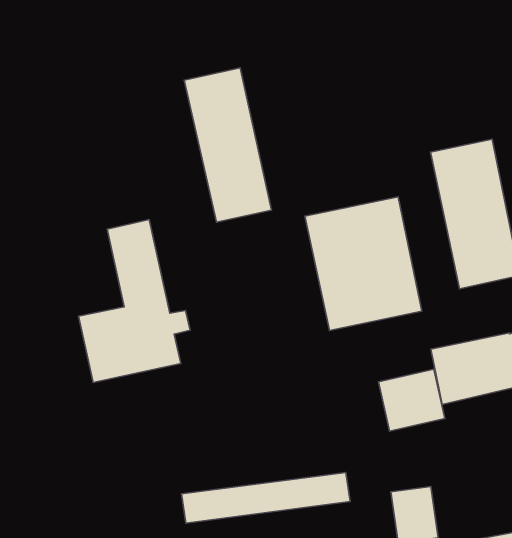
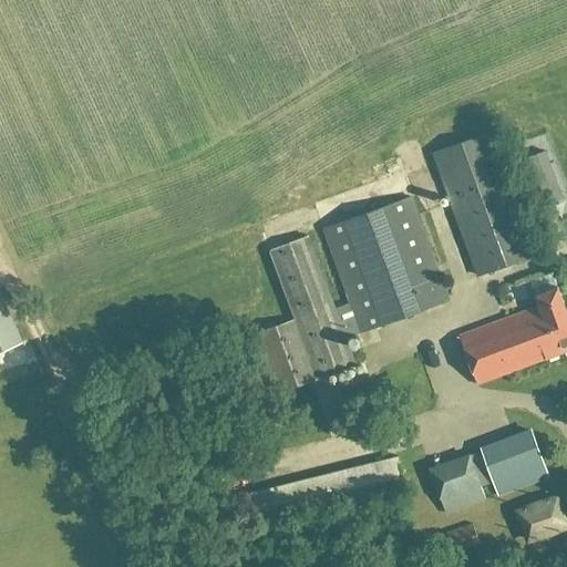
building: [184,68,272,222] -> none
building: [79,220,190,383] -> [252,235,358,393]
building: [378,369,445,431] -> [480,431,546,494]

